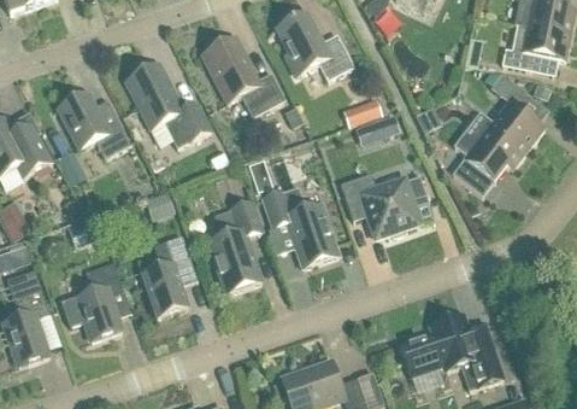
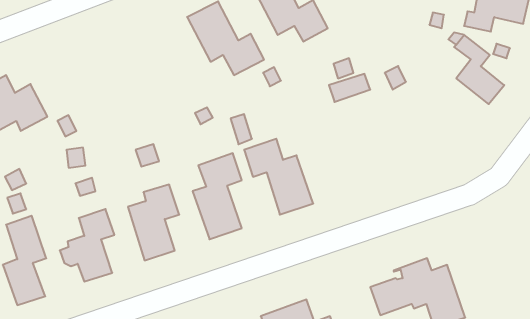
building: [126,63,211,147] -> none
building: [59,90,131,157] -> none
building: [452,110,528,194] -> none
building: [340,173,429,236] -> none

